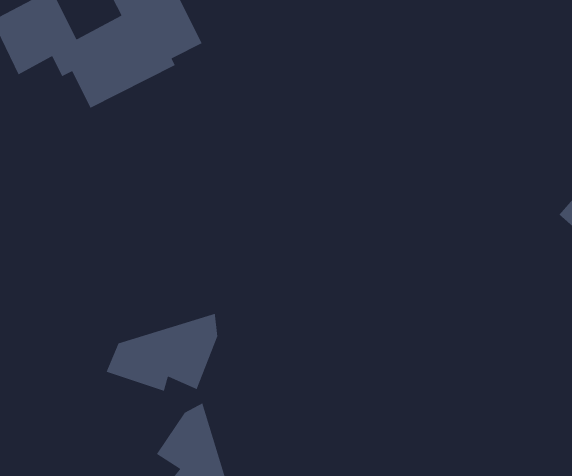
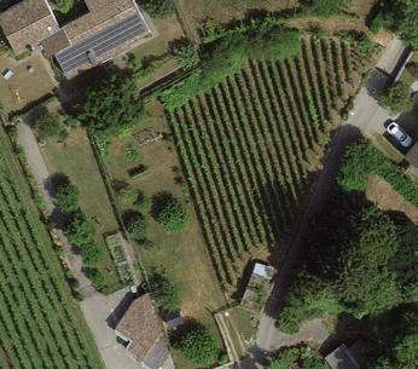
building: [106,313,218,392] -> none

